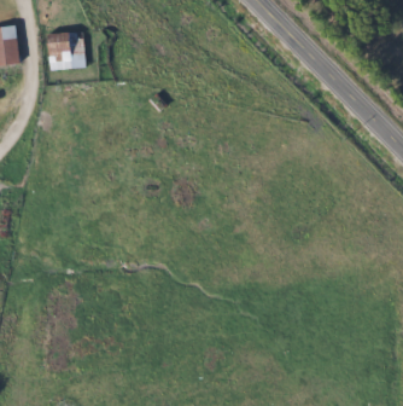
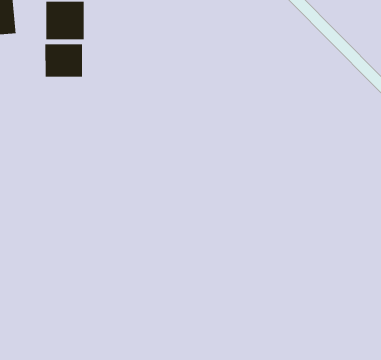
building: none -> [45,43,83,78]

